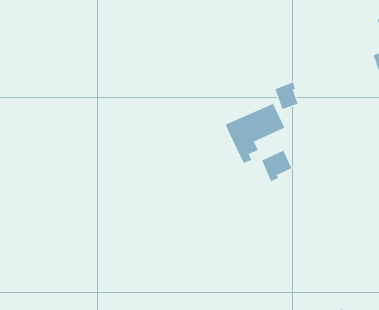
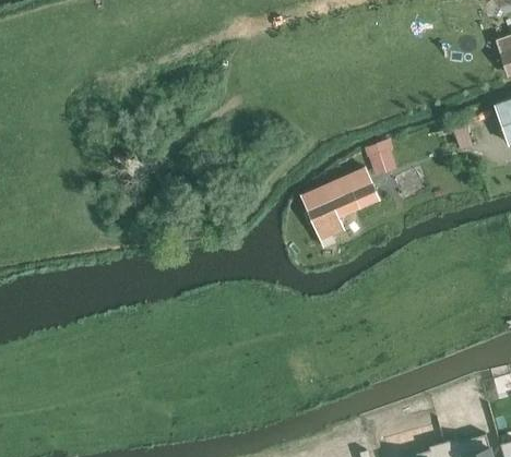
building: [261,150,292,182] -> none

